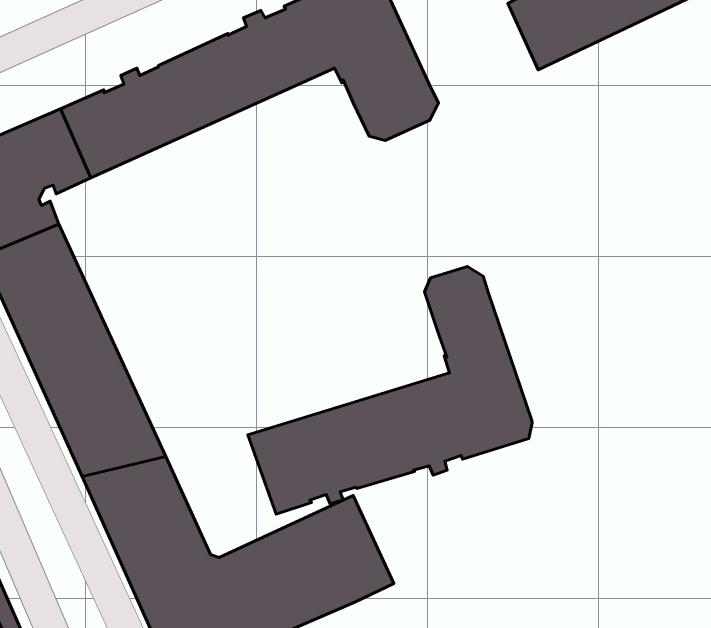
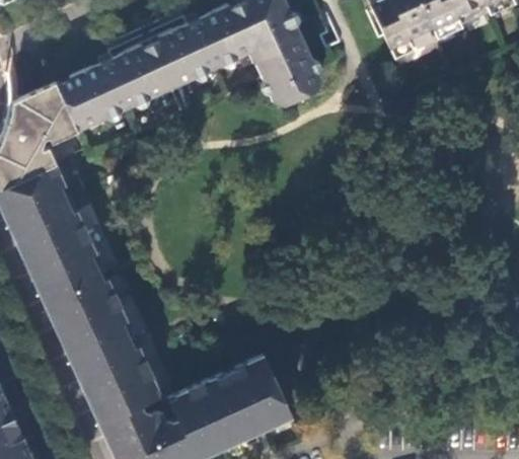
building: [248,267,532,514] -> none

